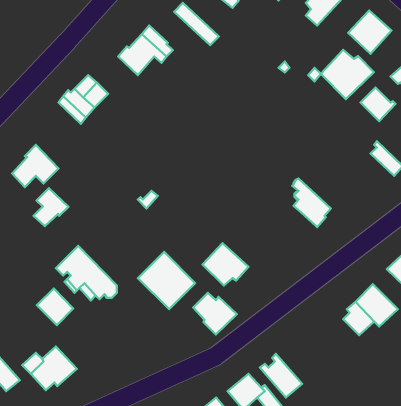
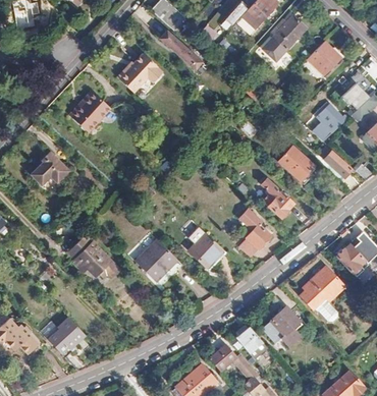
building: [321,50,374,99] -> none
building: none -> [279,146,315,180]
building: [33,188,68,226] -> none
building: none -> [239,209,271,249]
building: [37,289,73,325] -> none
building: [193,293,237,335] -> none
building: none -> [271,306,304,347]

